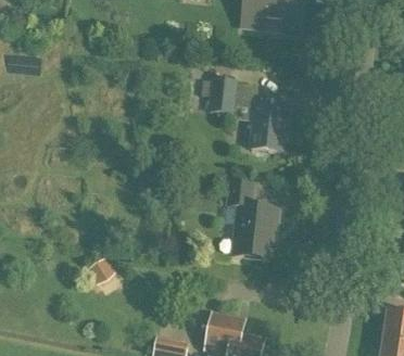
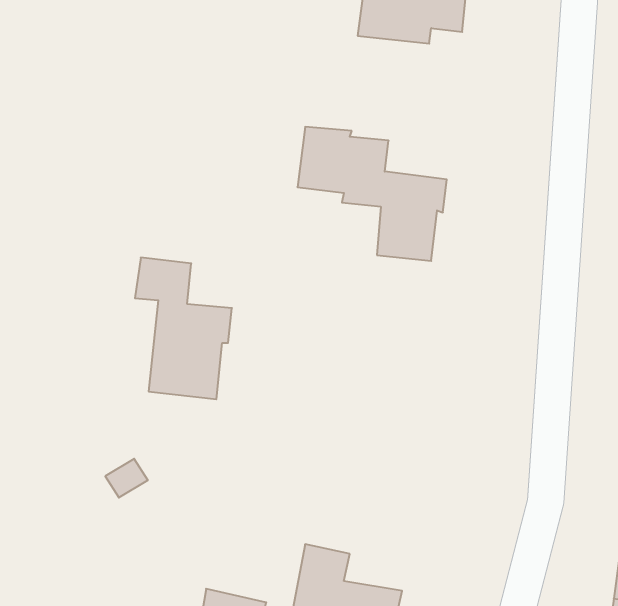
building: [224,178,278,257] -> [135,258,232,399]

